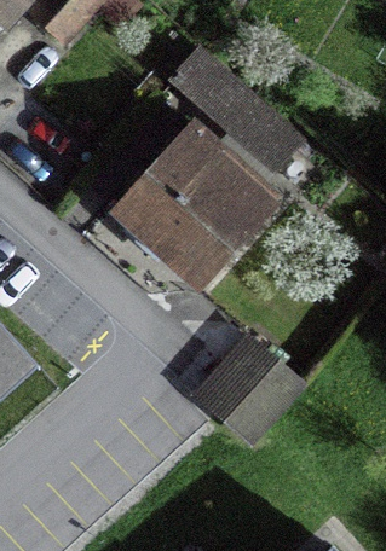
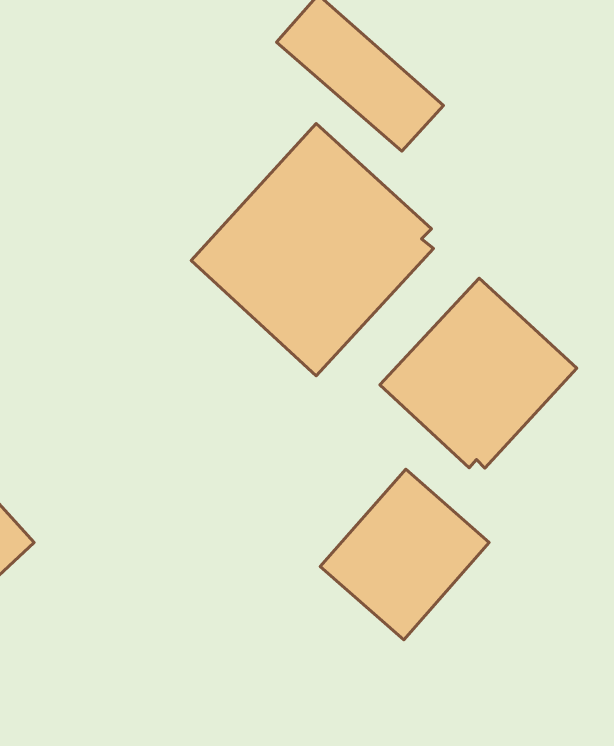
building: none -> [380,278,577,468]

